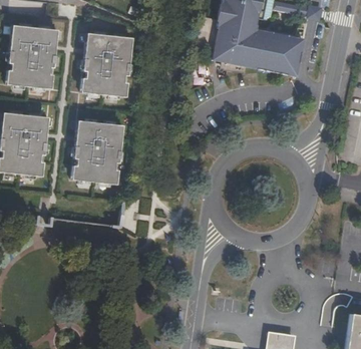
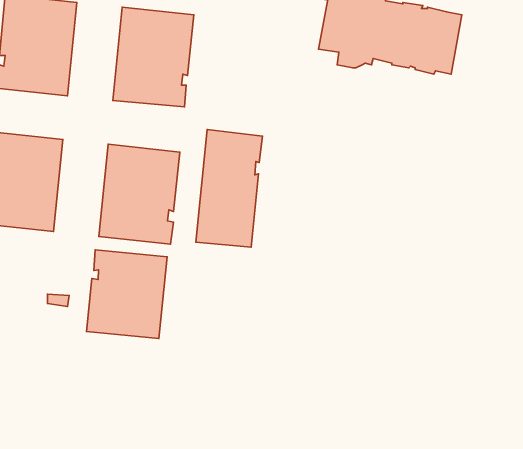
building: none -> [196,129,262,247]
building: none -> [87,250,167,338]

